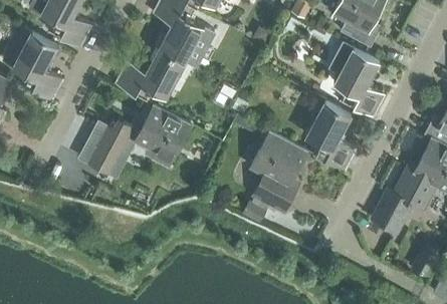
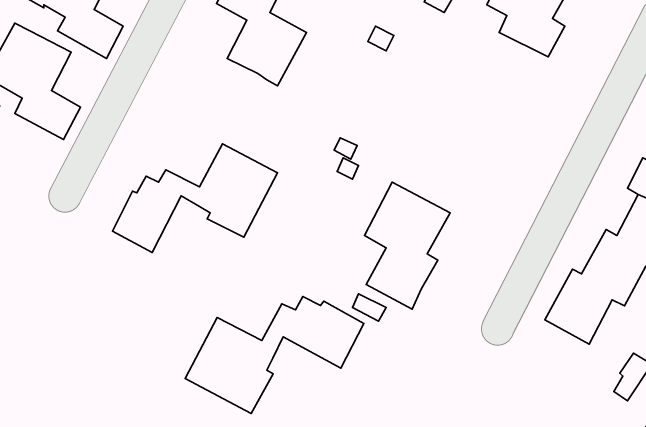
building: [328,41,386,118] -> none
building: [116,49,186,100] -> none
building: [305,100,359,172] -> none
building: none -> [185,297,364,413]

